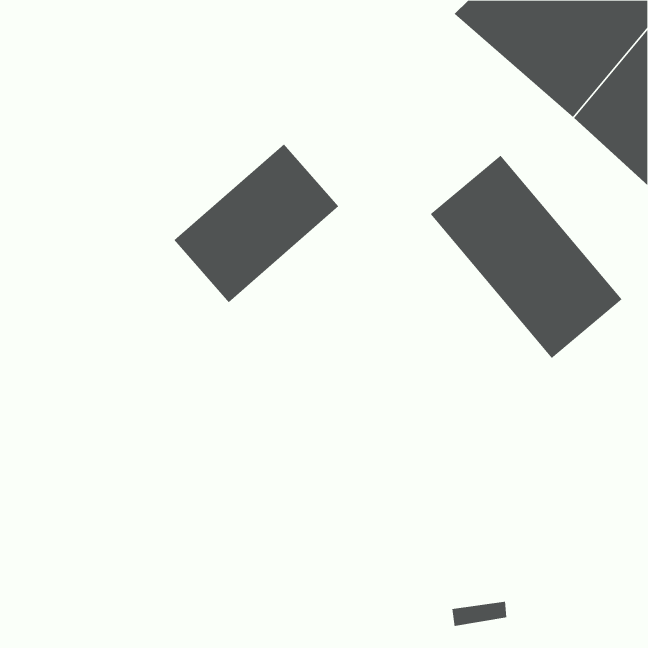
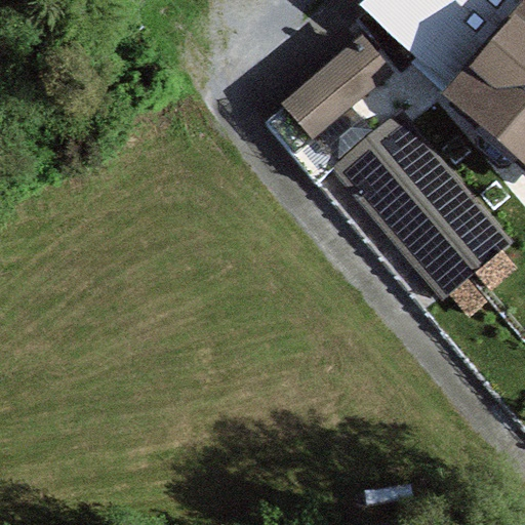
building: none -> [267,46,408,185]
building: [174,143,339,303] -> none

